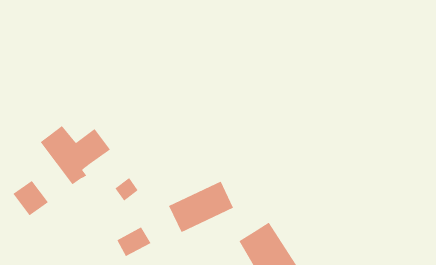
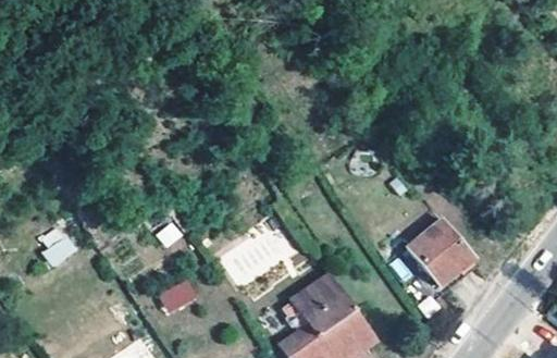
building: [40,125,111,185] -> none
building: none -> [413,220,475,285]

